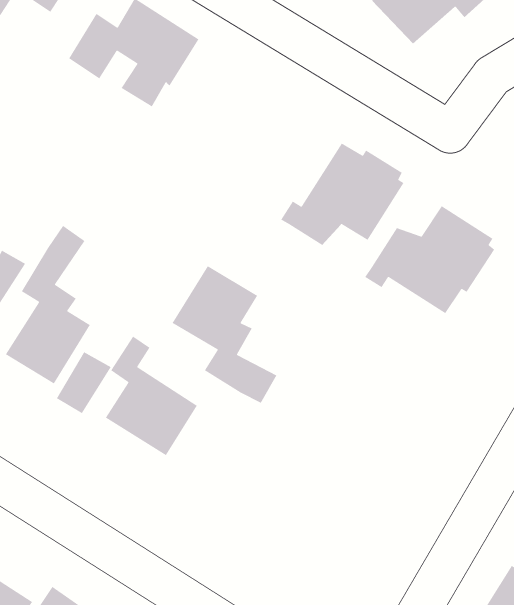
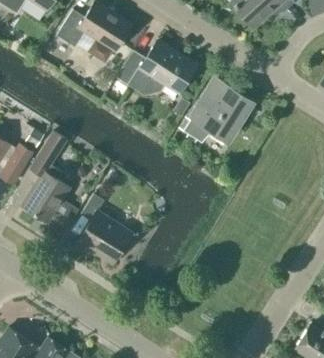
building: none -> [116,43,197,96]
building: [364,205,495,314] -> none
building: [171,265,278,404] -> none

